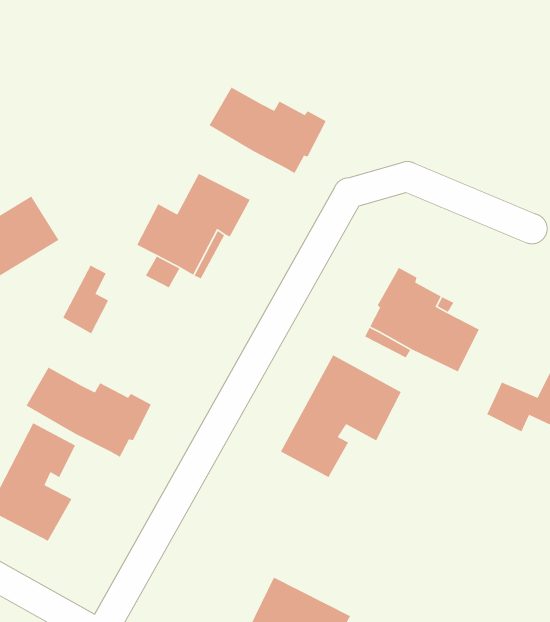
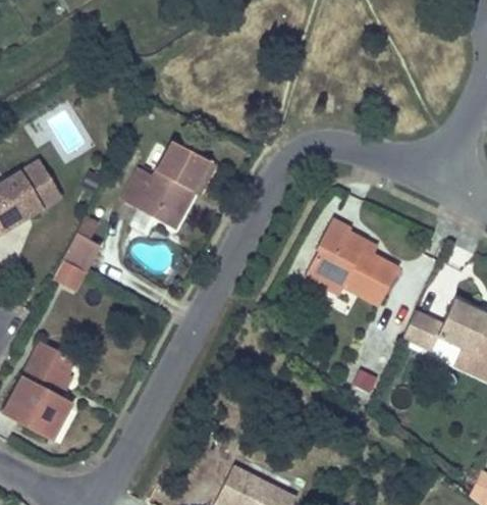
building: [209,86,327,174] -> none
building: [280,354,402,478] -> none
building: [25,367,152,458] -> none

